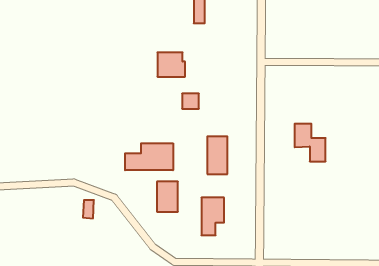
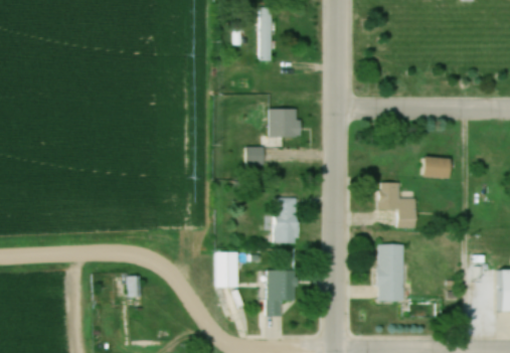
building: [157,52,185,77] -> [268,109,301,138]
building: none -> [422,158,452,178]
building: [125,143,173,170] -> none
building: none -> [377,244,404,302]

